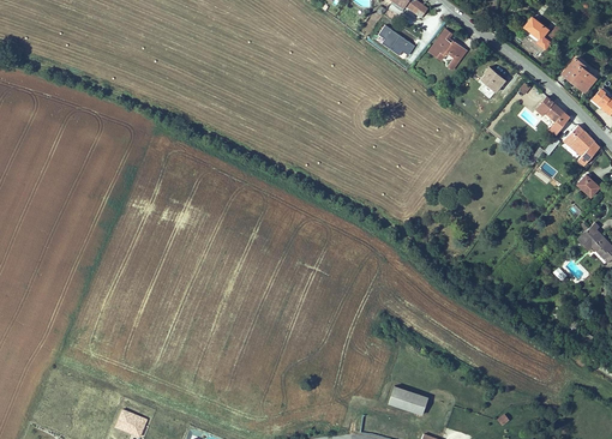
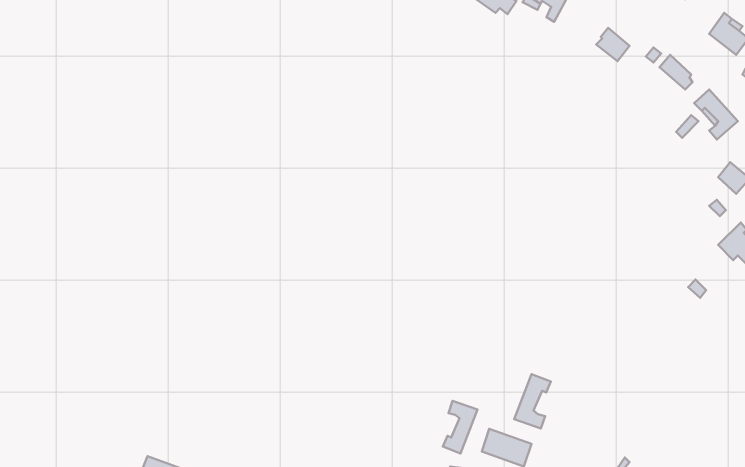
building: none -> [514,374,551,429]
building: none -> [443,401,477,453]

